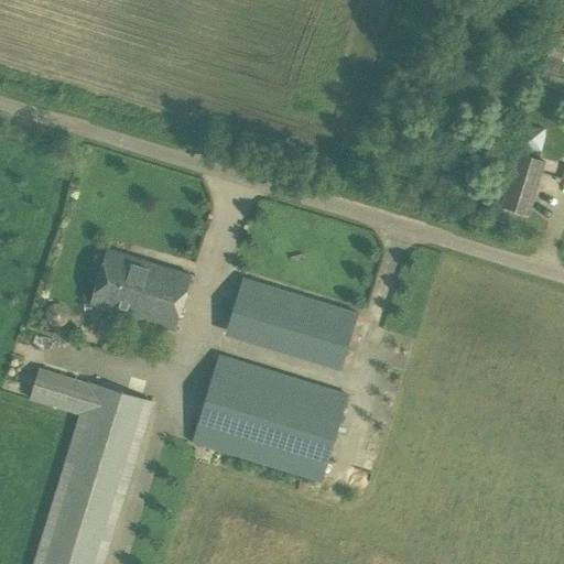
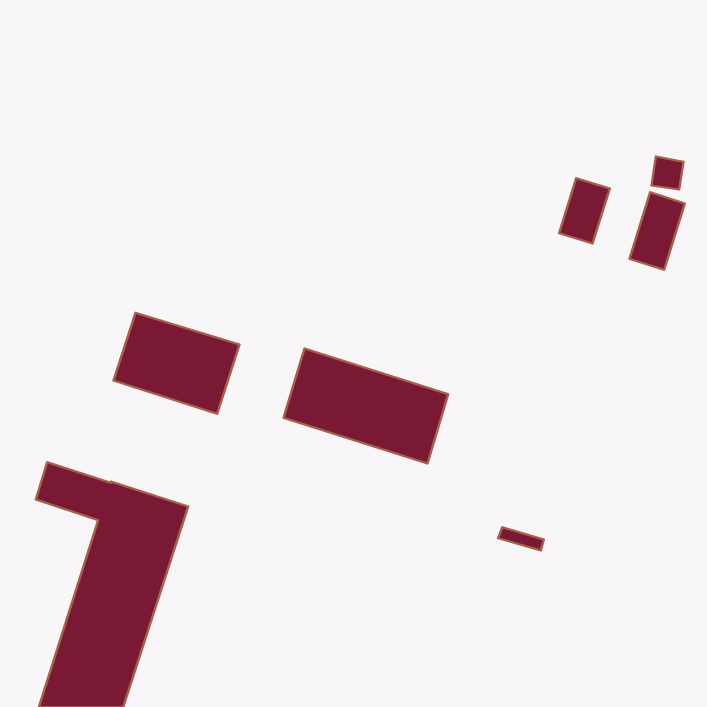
building: none -> [559,178,610,243]
building: [192,354,349,484] -> none

